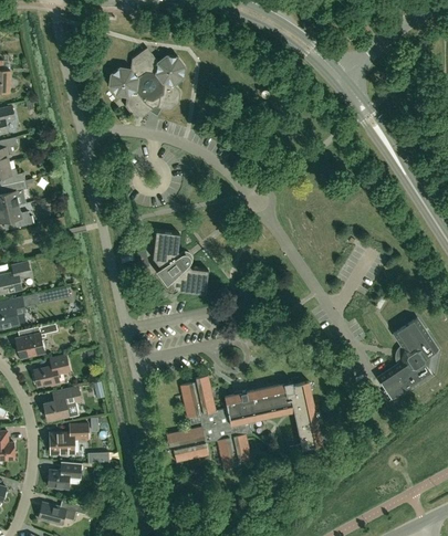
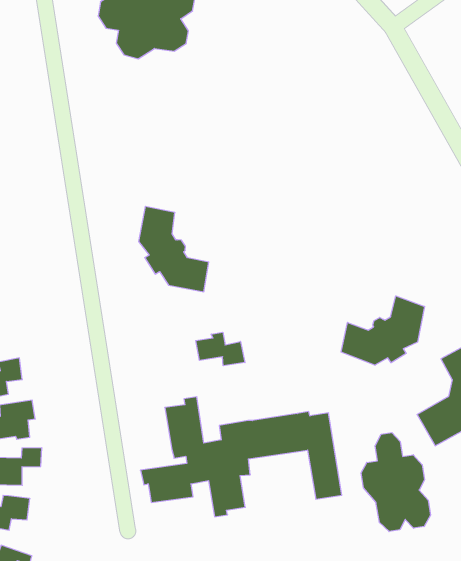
building: none -> [341,296,425,365]
building: none -> [196,332,245,366]
building: none -> [361,433,430,532]

